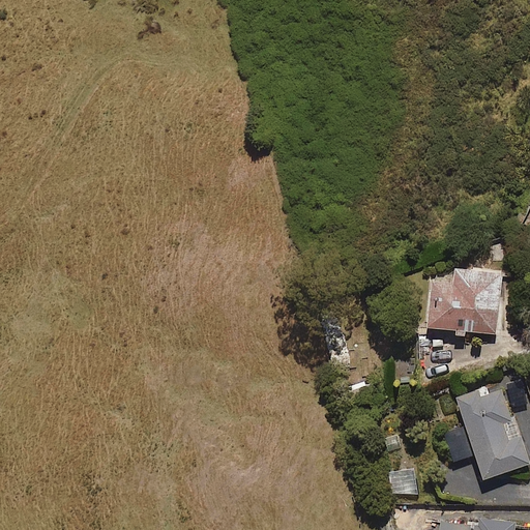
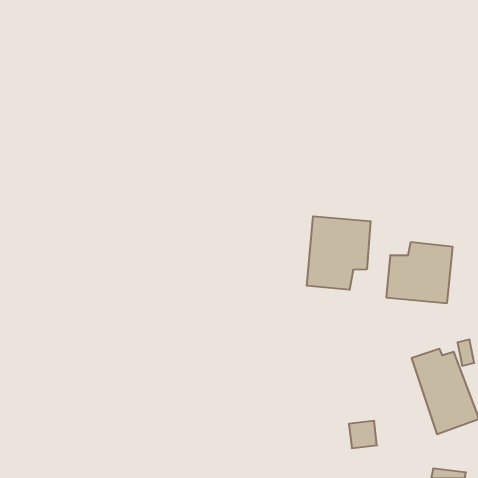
building: none -> [307,216,370,290]

